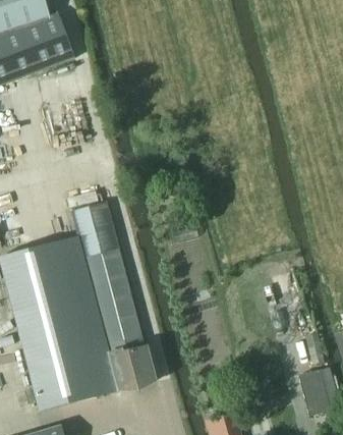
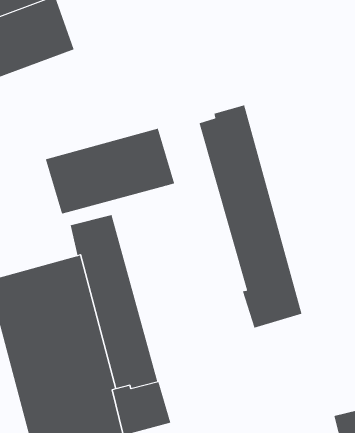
building: none -> [199,104,302,329]
building: none -> [45,128,175,215]

